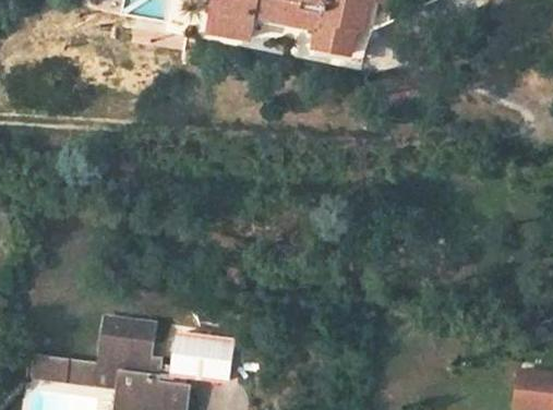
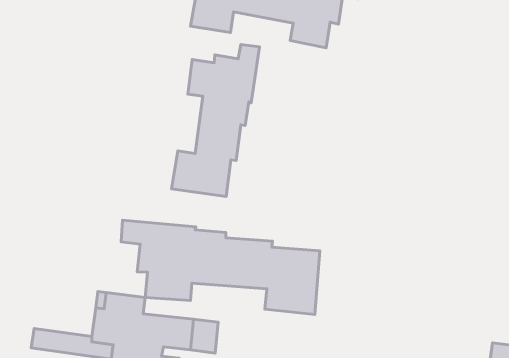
building: none -> [172,44,259,196]
building: none -> [121,220,320,314]

